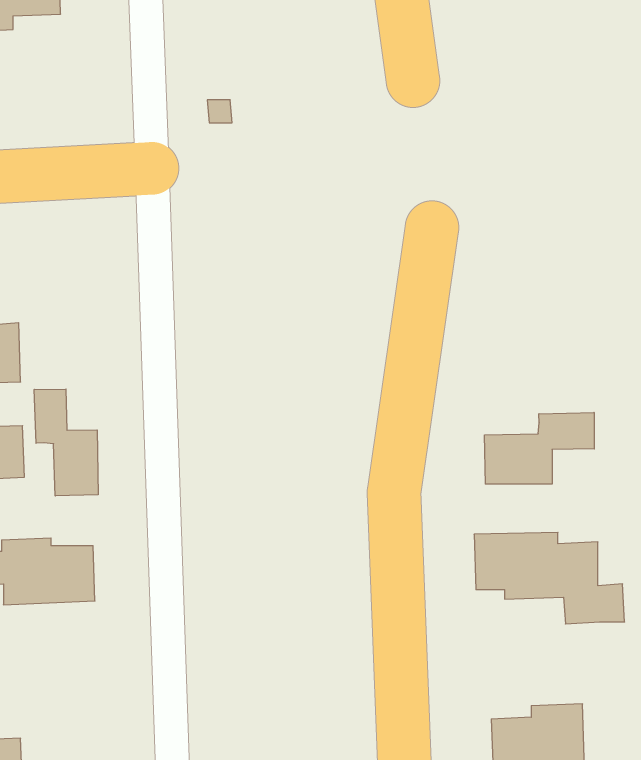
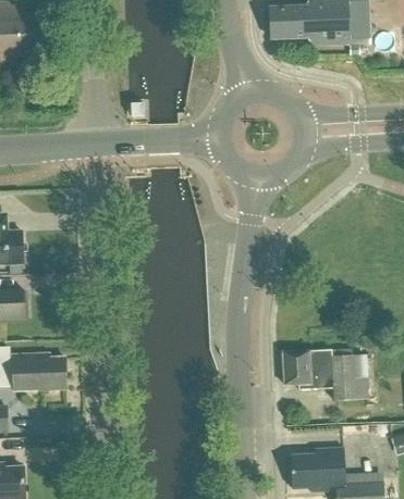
building: [34,389,98,496] -> none
building: [485,412,594,484] -> none

